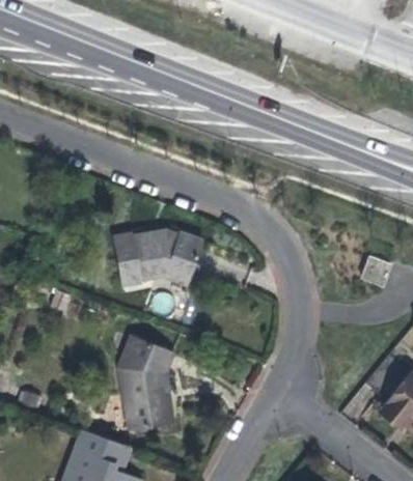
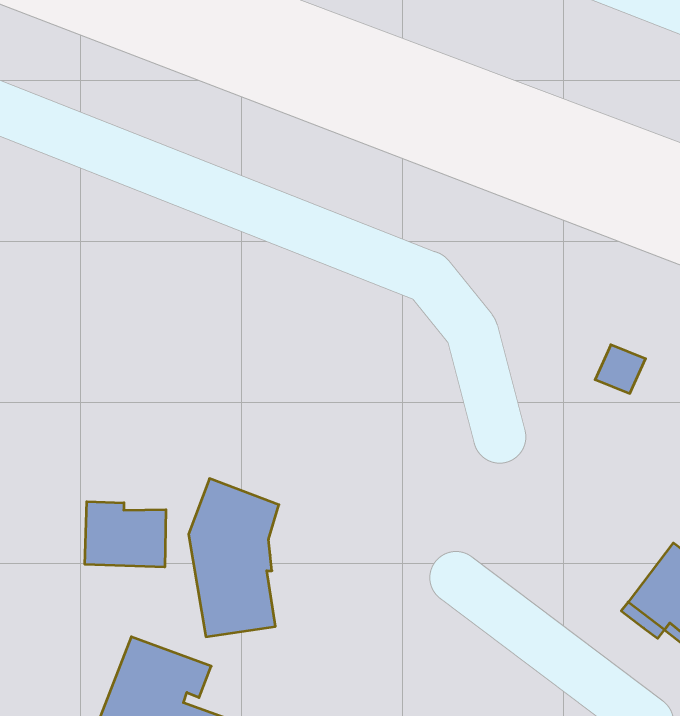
building: [115,233,203,285] -> none
building: none -> [85,502,166,567]

